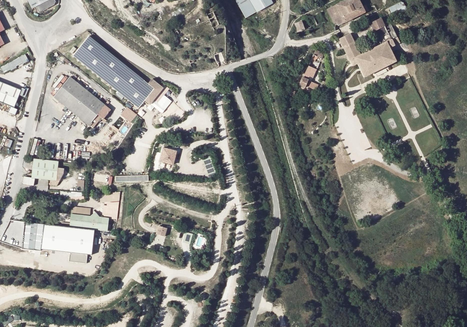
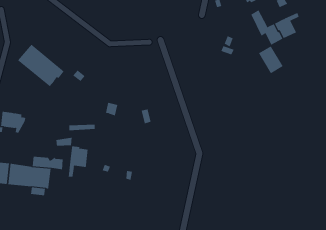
building: [72,35,162,108] -> none
building: none -> [258,45,284,74]
building: none -> [68,145,88,178]

